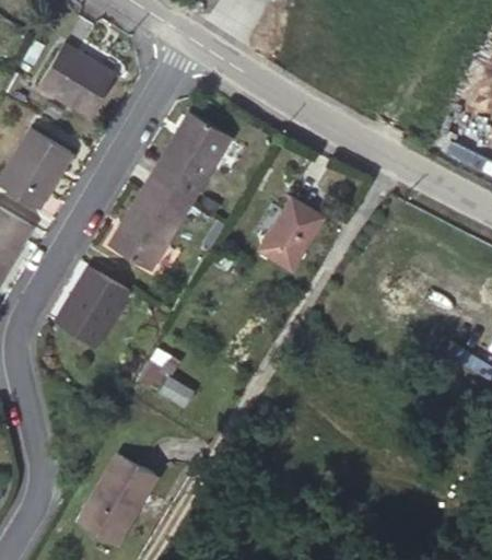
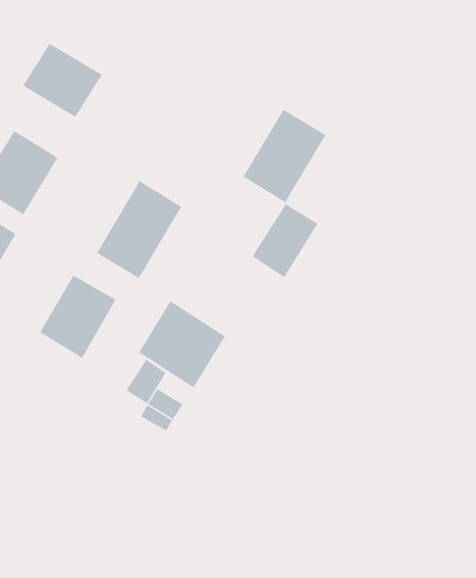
building: [151,110,232,201] -> [242,109,326,203]
building: none -> [138,300,226,389]
building: [78,454,156,544] -> none

